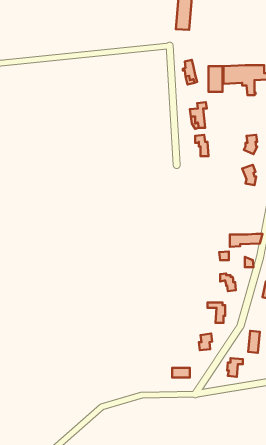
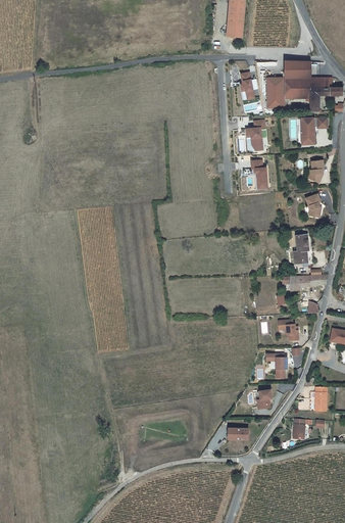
building: none -> [284,62,309,79]
building: none -> [302,117,328,144]
building: none -> [292,232,308,265]

